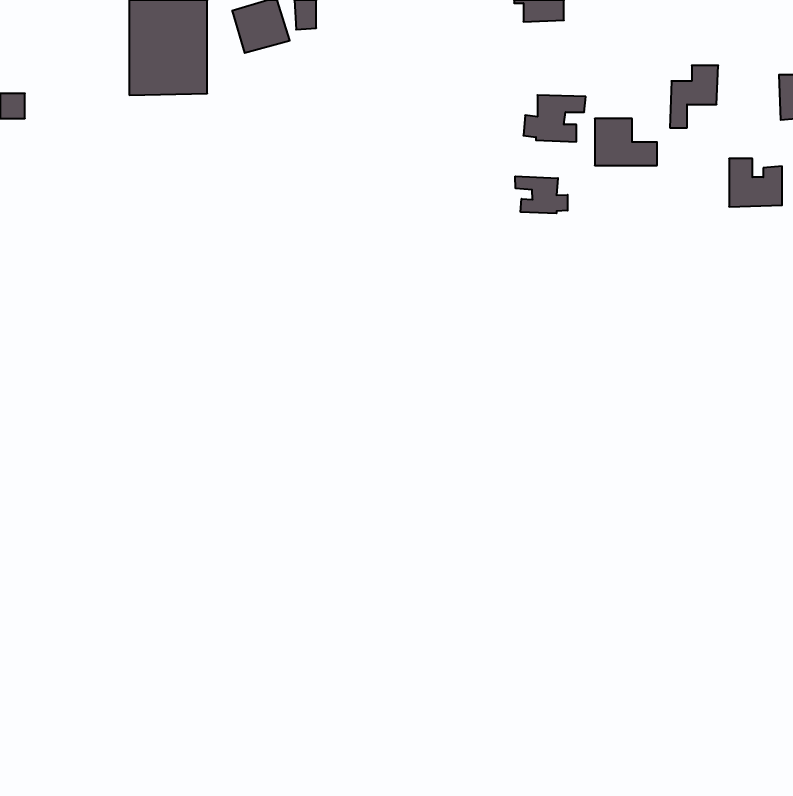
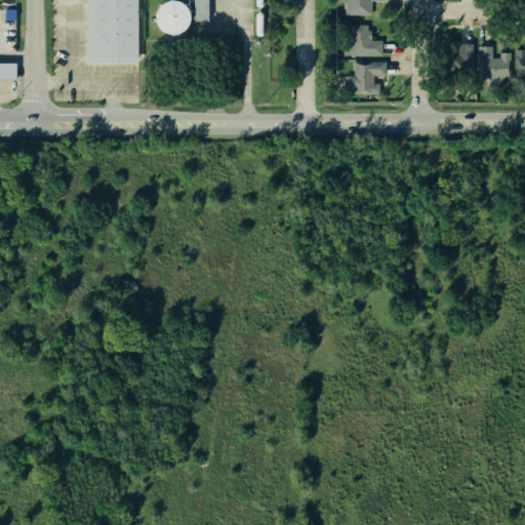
building: [595,119,657,165] -> [345,24,386,54]
building: [729,159,782,207] -> [478,45,513,77]
building: [515,176,568,213] -> none

